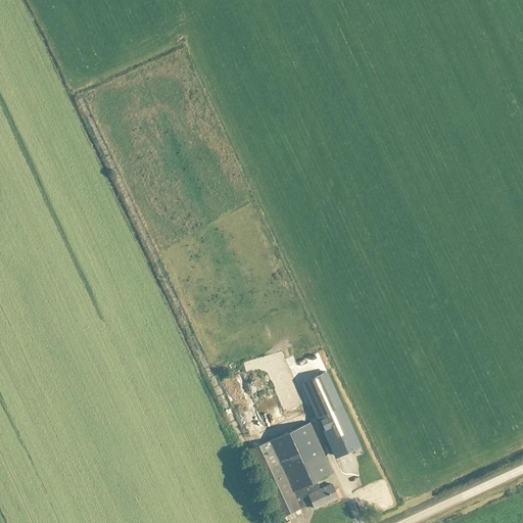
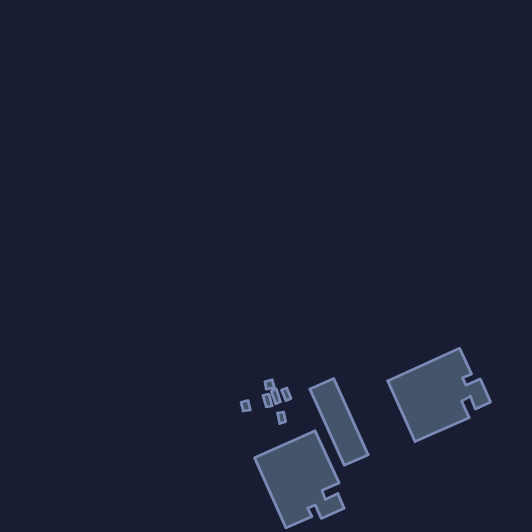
building: none -> [388,348,490,442]

